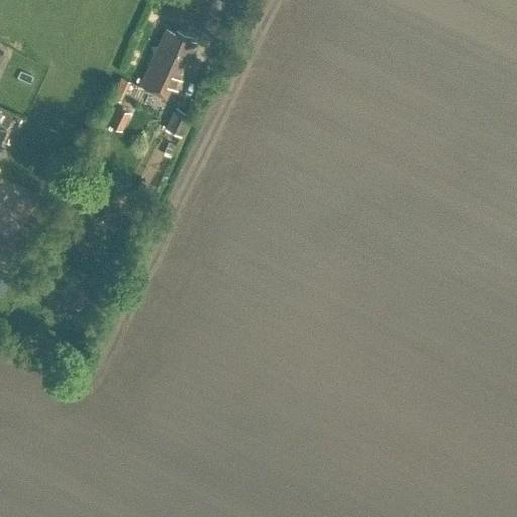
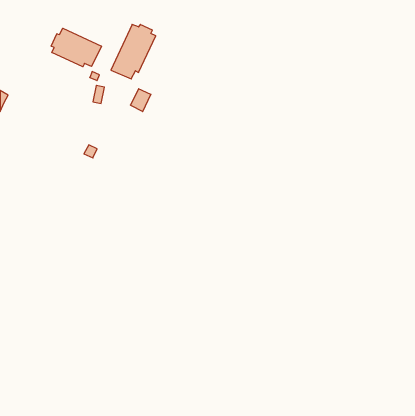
building: none -> [51,28,101,67]

